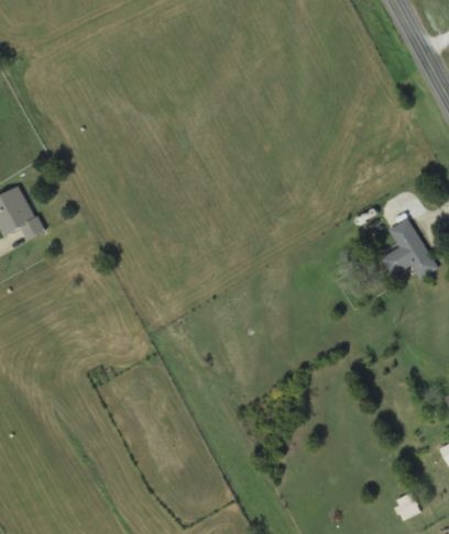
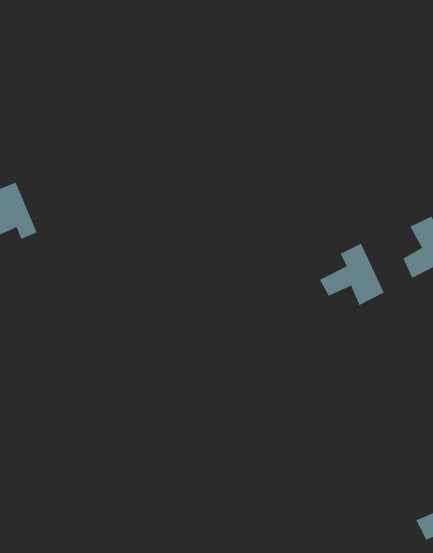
building: none -> [319,243,384,306]

